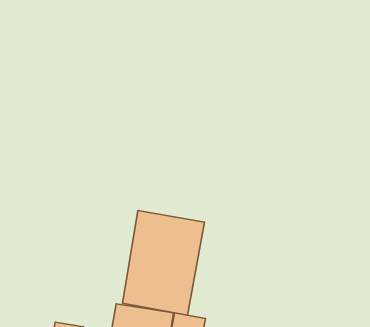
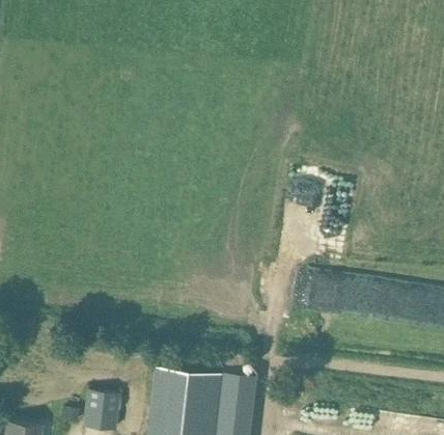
building: [122,211,204,315] -> none

